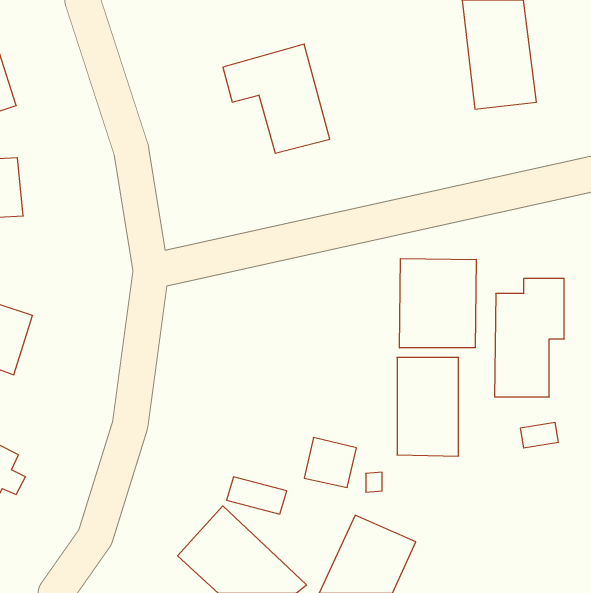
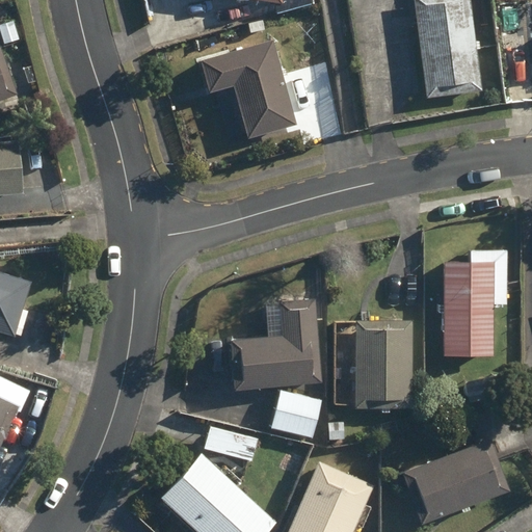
building: [400,259,476,348] -> none
building: none -> [229,298,321,389]
building: none -> [401,441,508,524]

